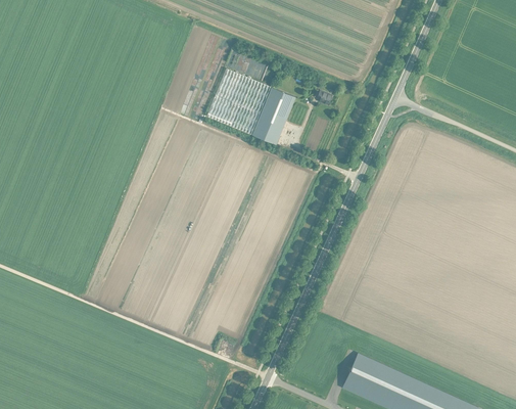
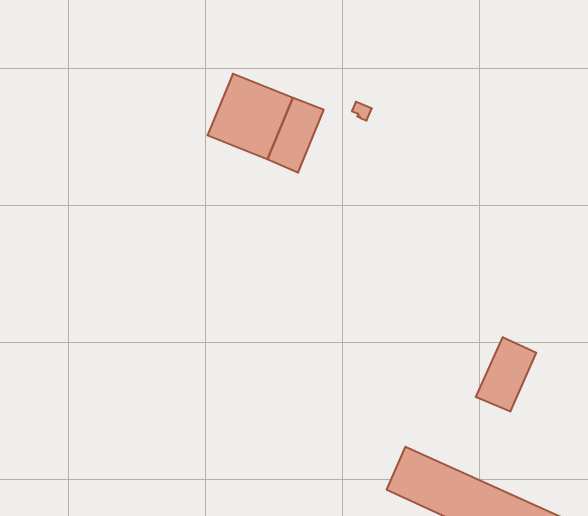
building: none -> [476,337,536,412]

